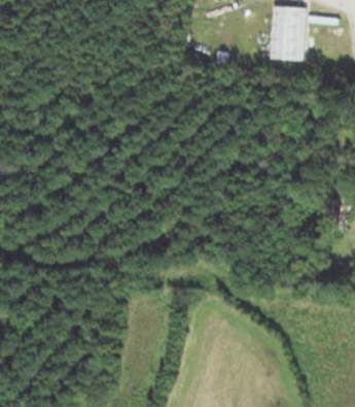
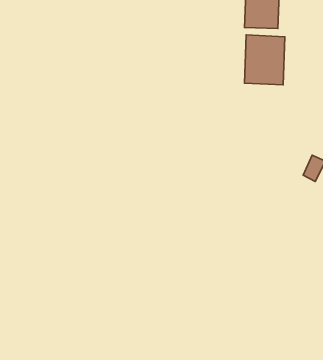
building: none -> [244,35,285,85]

